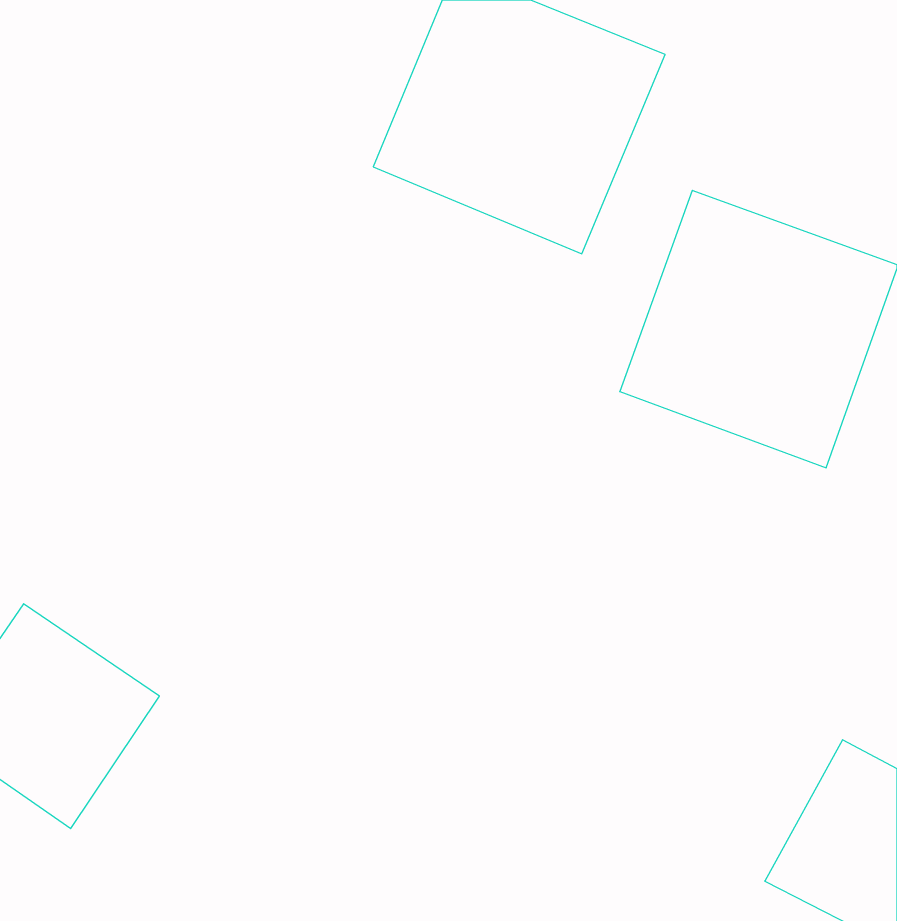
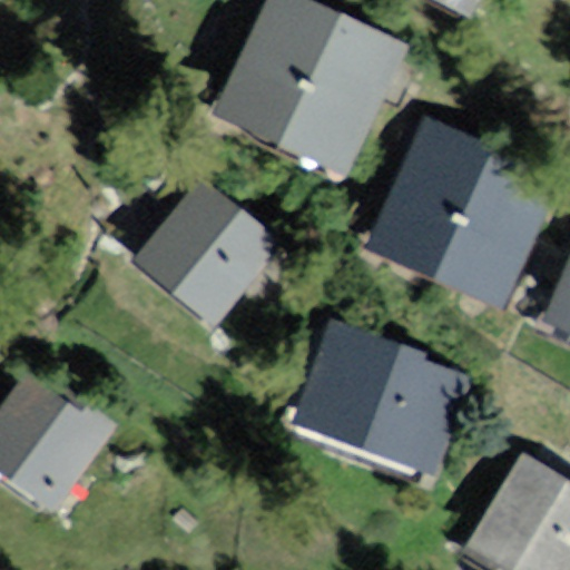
building: none -> [141,198,278,333]
building: none -> [294,327,465,472]

